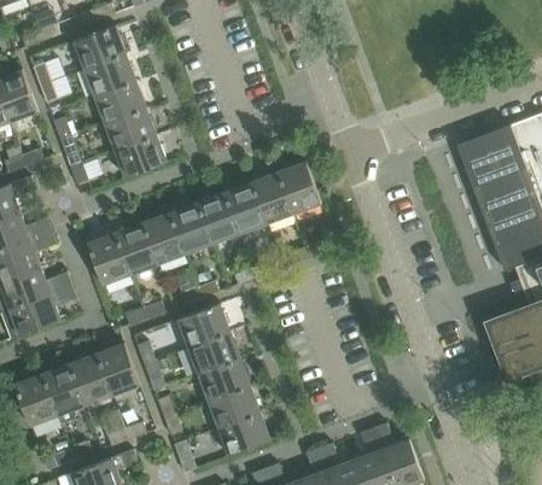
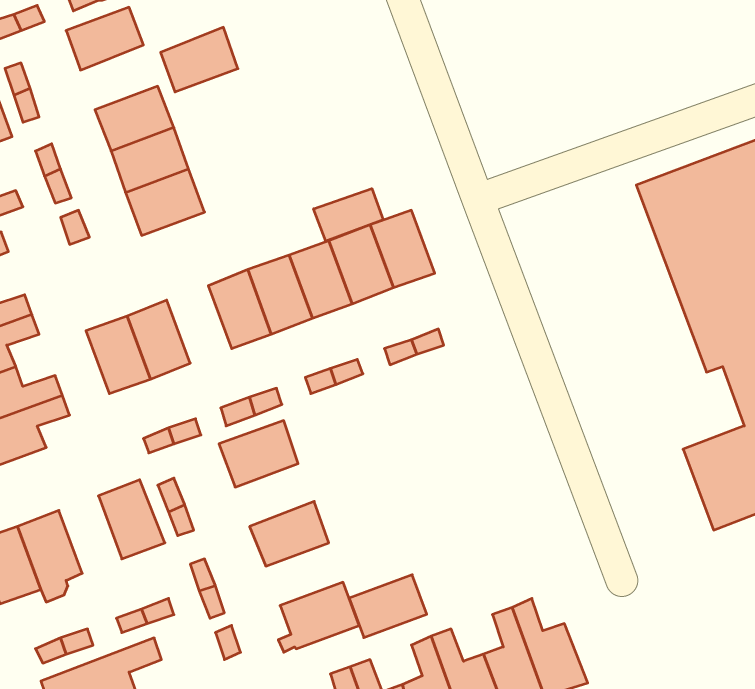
building: [83,51,135,94] -> [161,27,238,92]
building: none -> [314,189,383,241]
building: [141,212,185,264] -> none
building: [187,332,240,374] -> none
building: [69,353,111,405] -> none
building: [208,385,260,427] -> [349,575,427,638]

